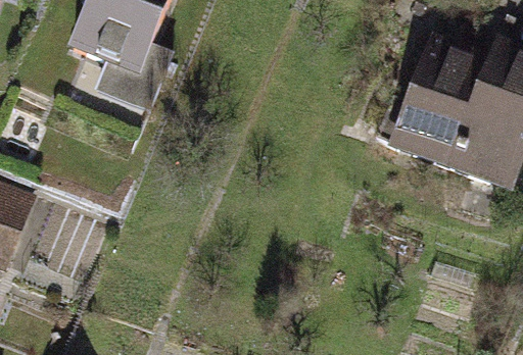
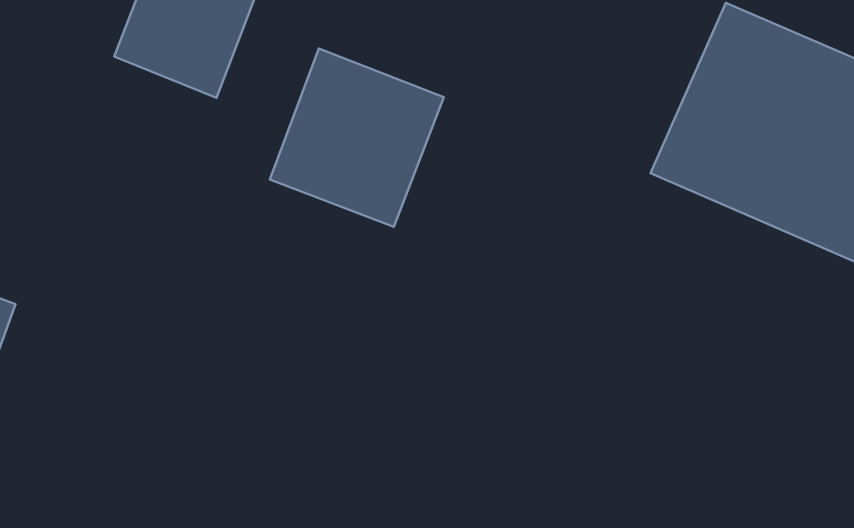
building: none -> [270,49,444,227]

